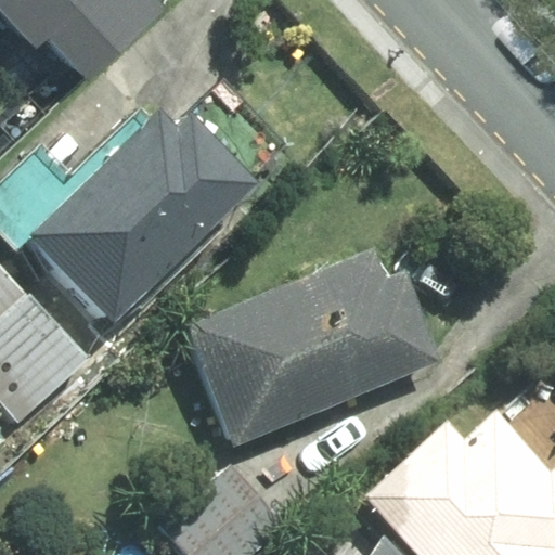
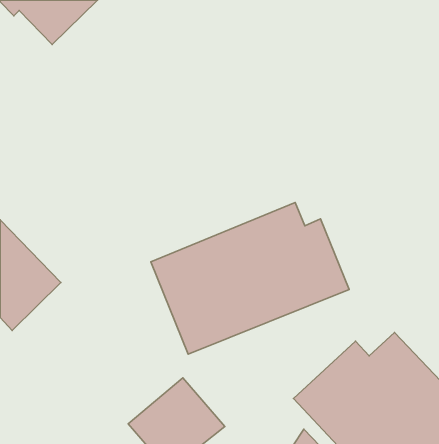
building: [20,105,240,315] -> none

